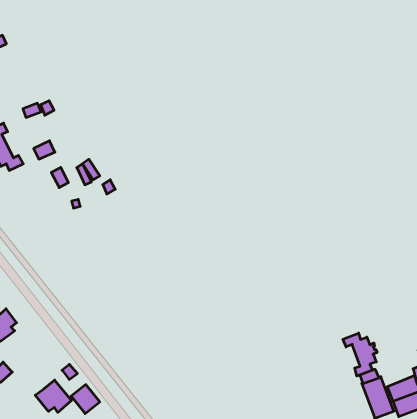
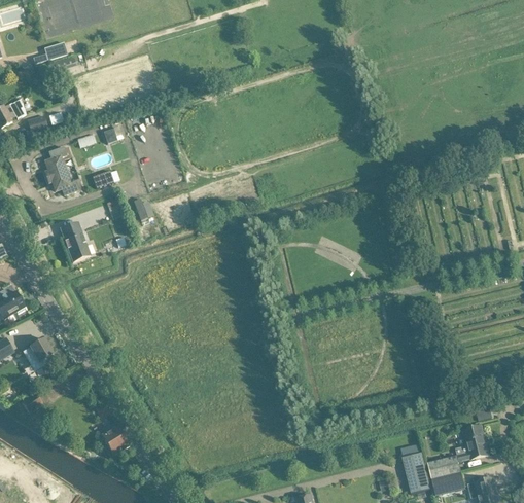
building: none -> [61,221,91,261]
building: [343,333,377,376] -> none
building: [35,380,71,412] -> none

